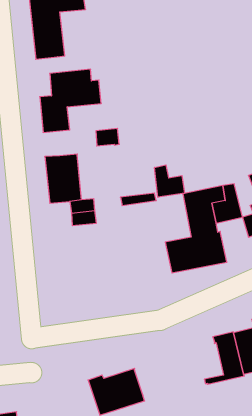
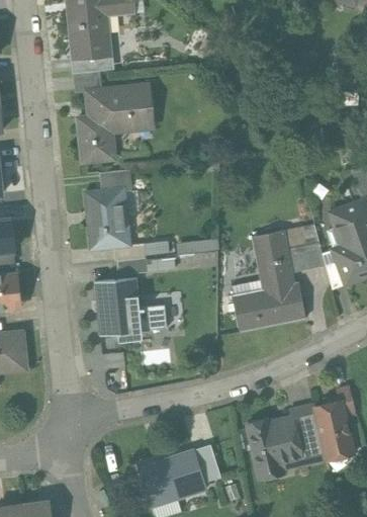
building: none -> [74,70,102,92]
building: [96,128,119,146] -> [102,169,130,190]
building: [155,165,185,197] -> none
building: none -> [95,277,168,334]
building: none -> [248,417,302,479]
building: none -> [194,445,221,482]

